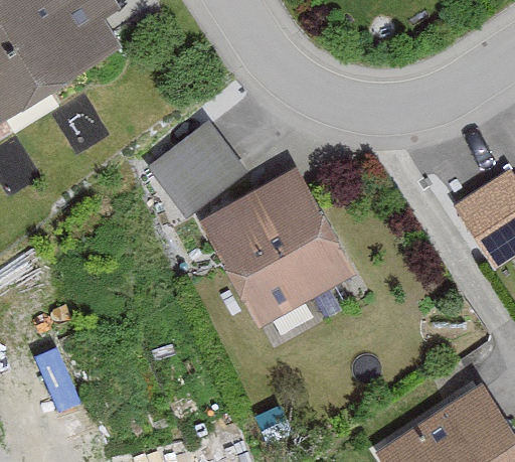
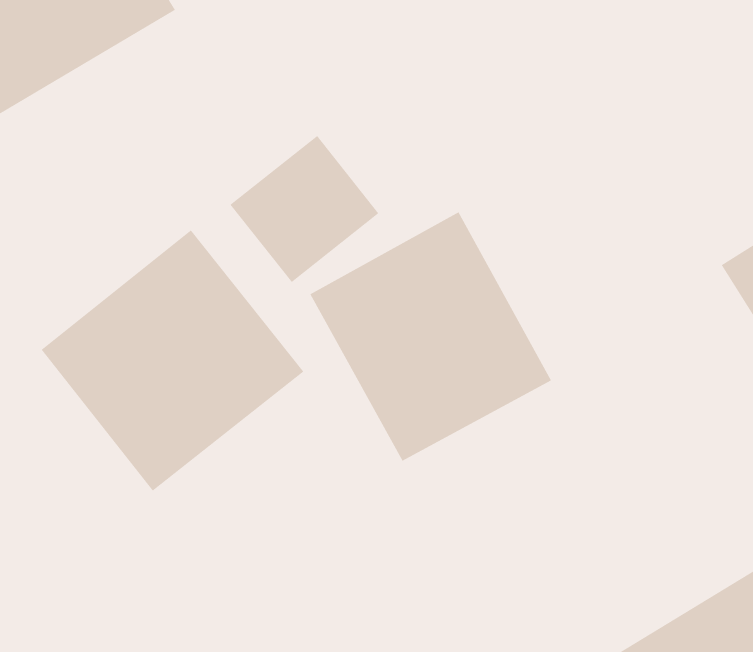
building: none -> [41,229,304,491]

